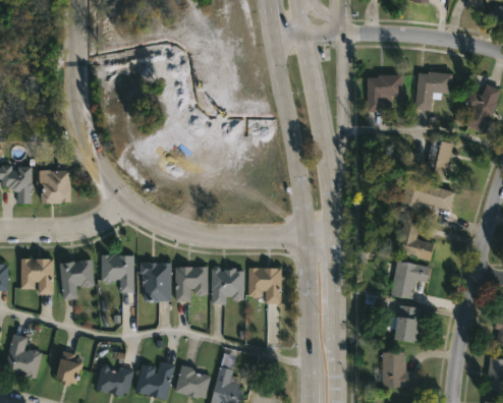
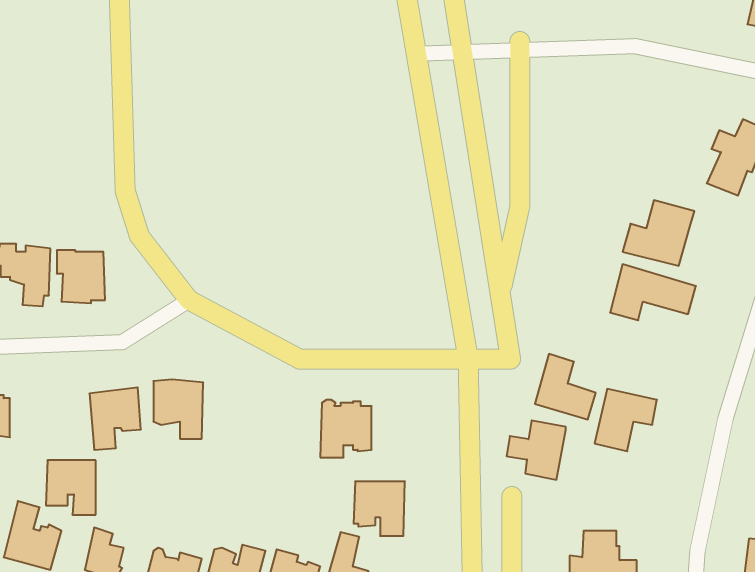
building: [414,70,454,111] -> none
building: [368,73,403,111] -> none
building: [395,219,435,262] -> [535,354,596,419]
building: [20,258,53,294] -> [46,460,96,515]
building: [141,262,171,301] -> none
building: [175,266,208,301] -> none
building: [248,268,282,303] -> [354,481,405,536]
building: [384,304,423,343] -> [507,420,566,480]

